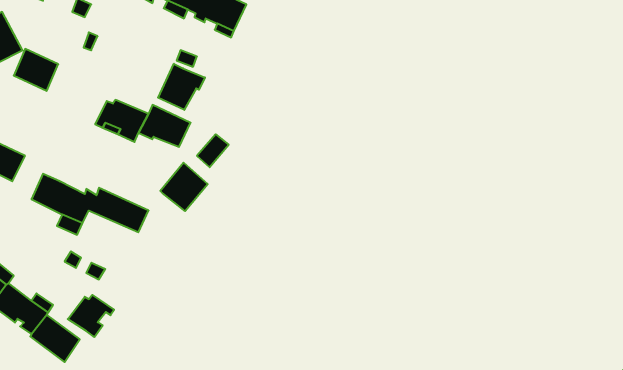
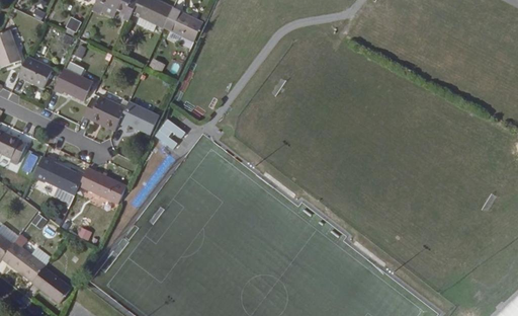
building: none -> [53,67,92,100]
building: [158,64,205,110] -> none
building: [160,163,208,211] -> none
building: [68,295,114,337] -> none

